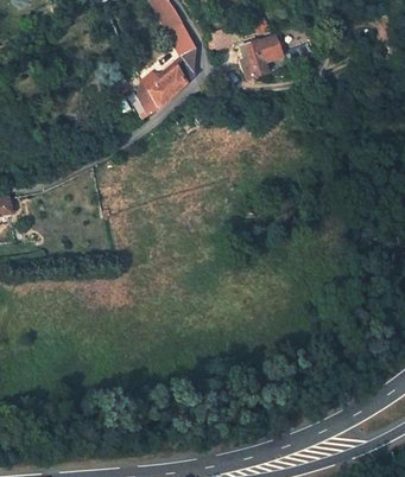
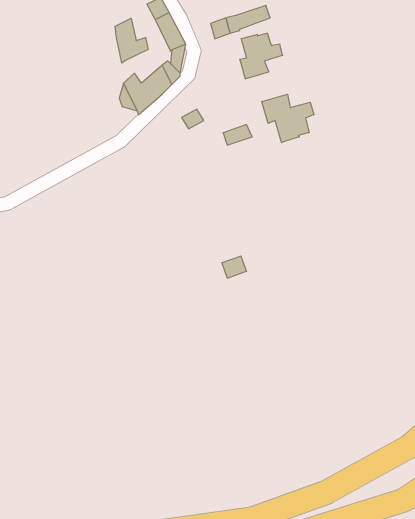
building: none -> [115,18,148,63]
building: none -> [262,94,314,143]

